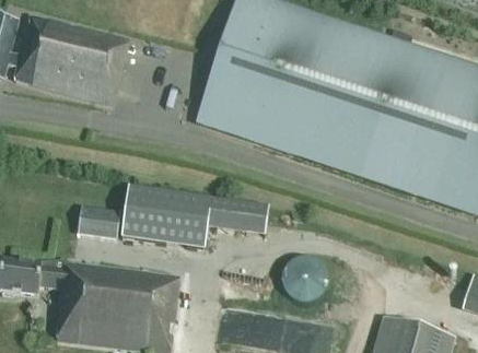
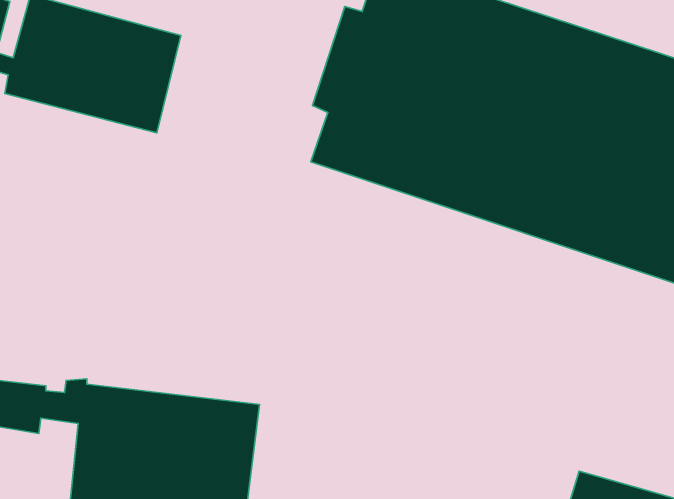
building: [120,188,268,248] -> none
building: [77,205,119,235] -> none
building: [279,256,327,304] -> none

